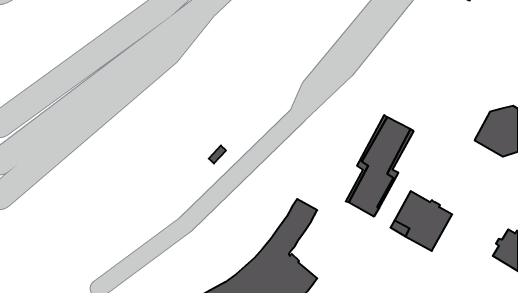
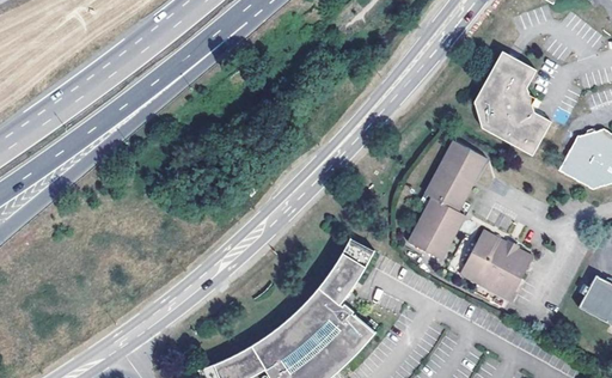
building: none -> [475,51,551,156]

